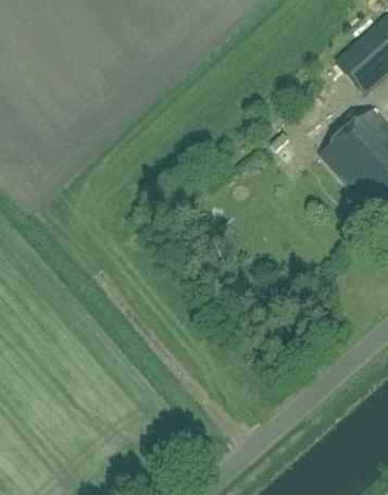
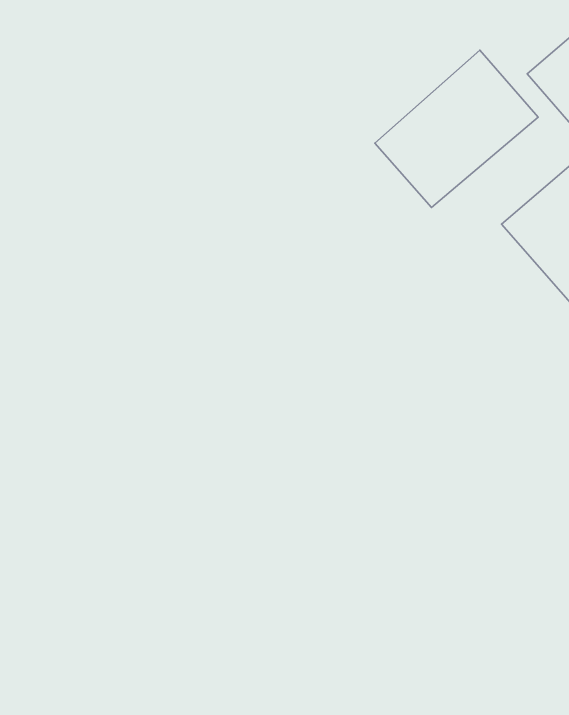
building: none -> [375,50,538,207]

